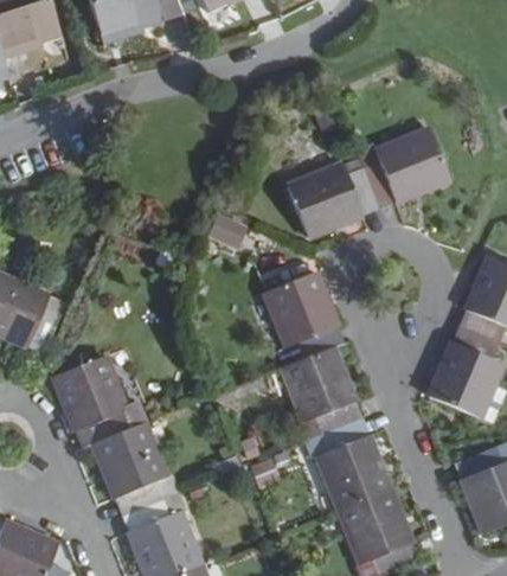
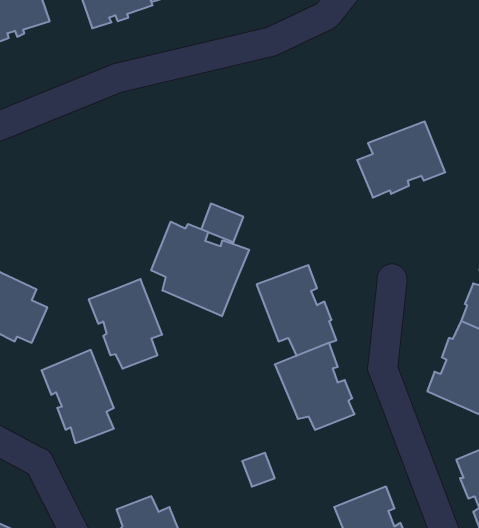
building: [288,166,378,238] -> none
building: none -> [151,222,249,316]
building: [317,418,391,510] -> none
building: [94,424,166,512] -> [89,279,162,369]

